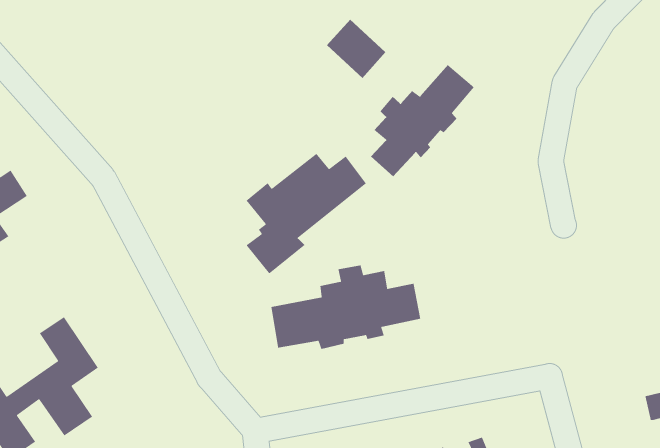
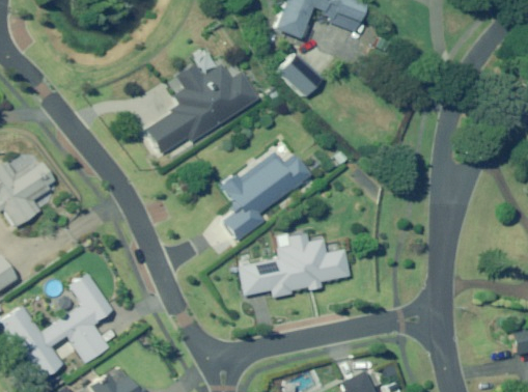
building: none -> [144,62,258,155]
building: [370,64,475,177] -> none

